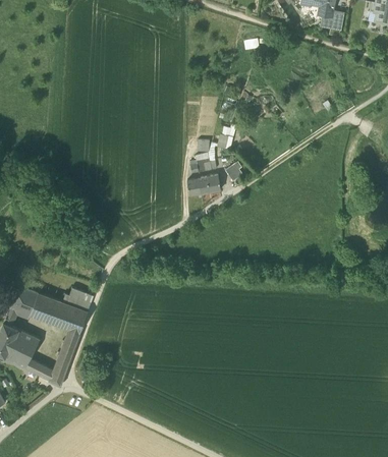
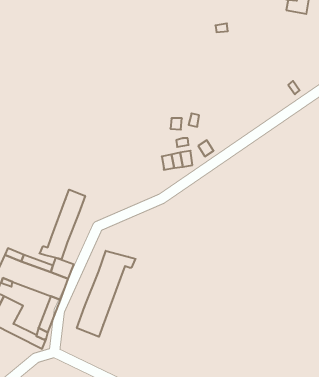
building: none -> [39,190,85,259]
building: none -> [77,251,136,337]

